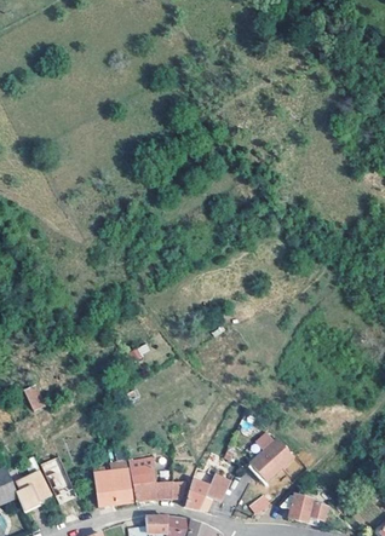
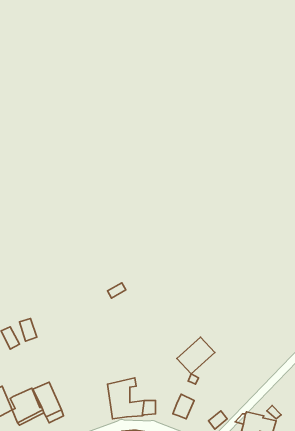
building: [249,439,294,483] -> [177,337,215,374]
building: [94,468,133,506] -> none
building: [185,478,213,511] -> none

